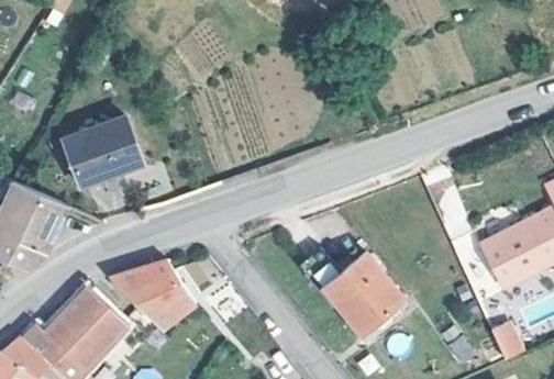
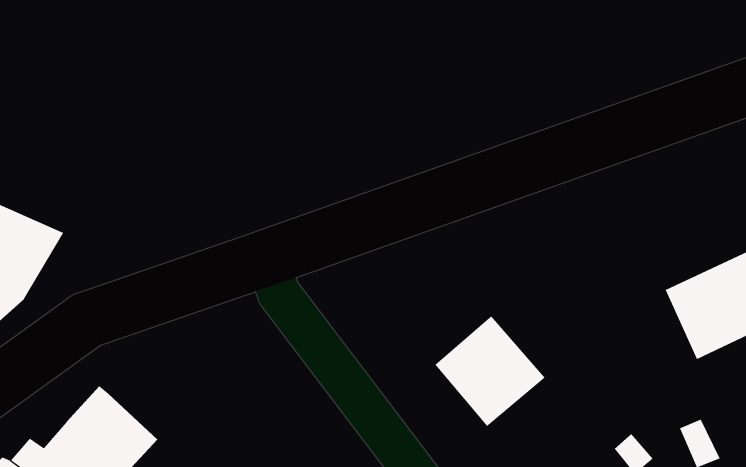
building: [68,129,147,199] -> none
building: [117,272,201,345] -> none

